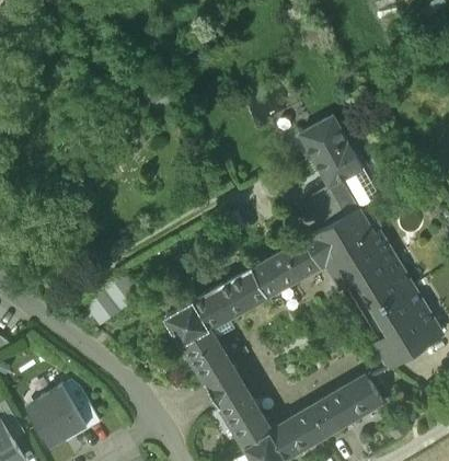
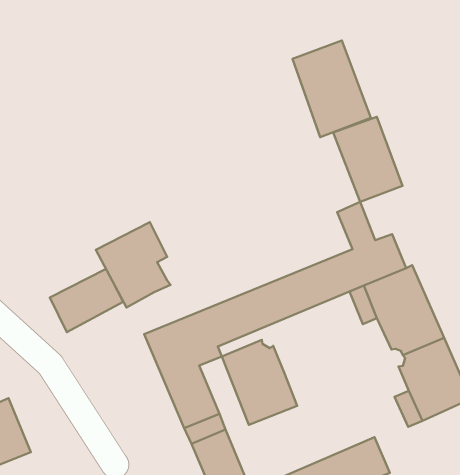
building: none -> [293,41,371,137]
building: none -> [96,222,170,307]
building: none -> [222,340,297,425]

